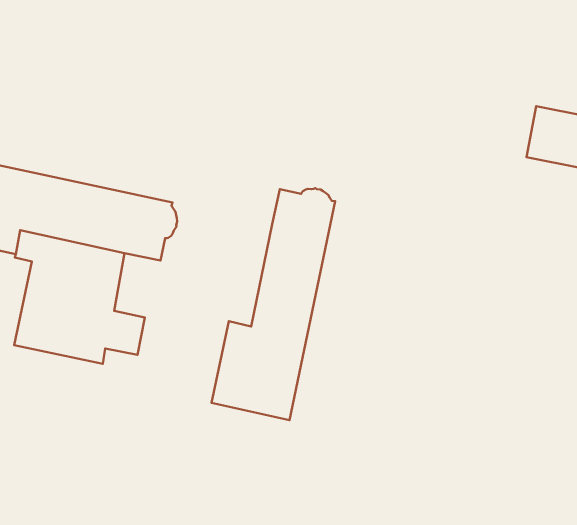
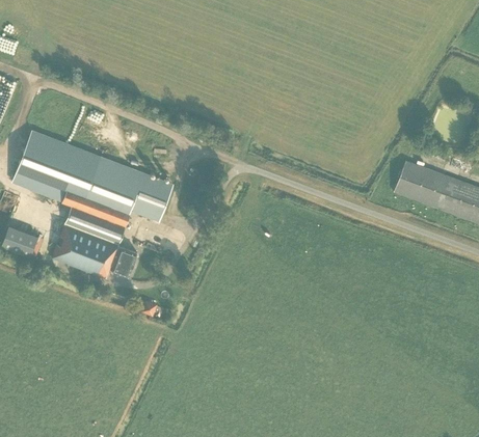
building: [212,188,335,420] -> none

